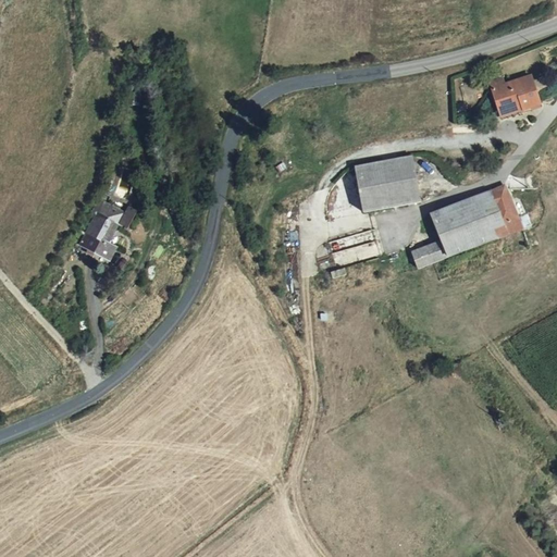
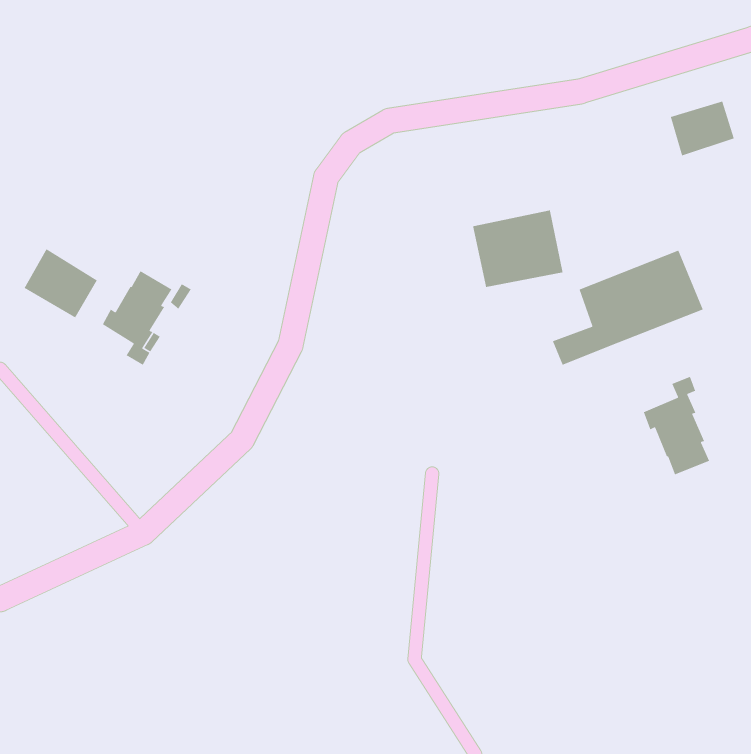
building: none -> [23,248,98,319]
building: none -> [643,376,710,476]

